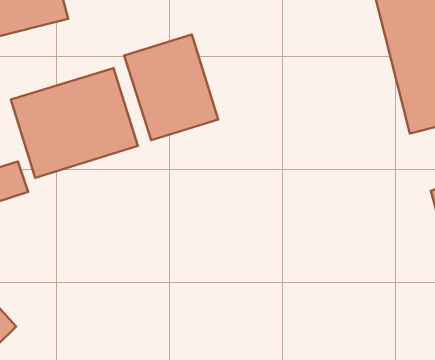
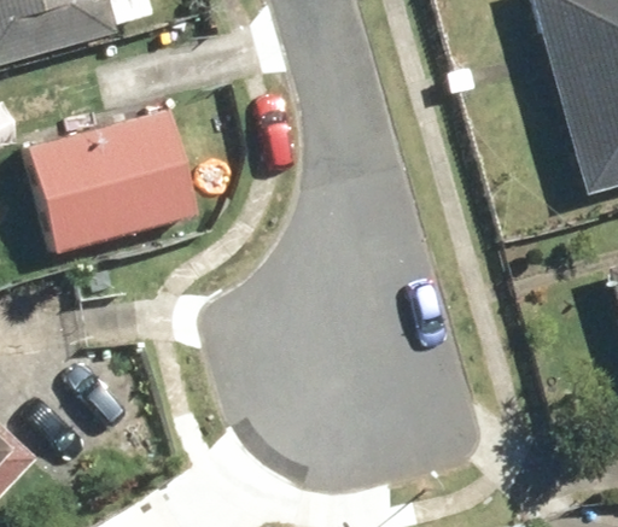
building: [124,34,218,140] -> none

